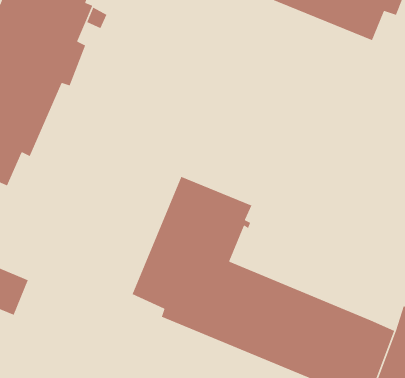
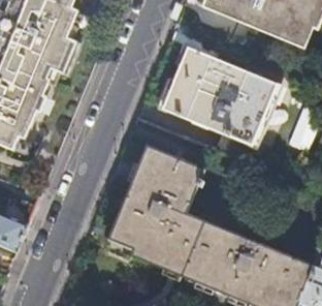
building: none -> [162,45,277,146]

